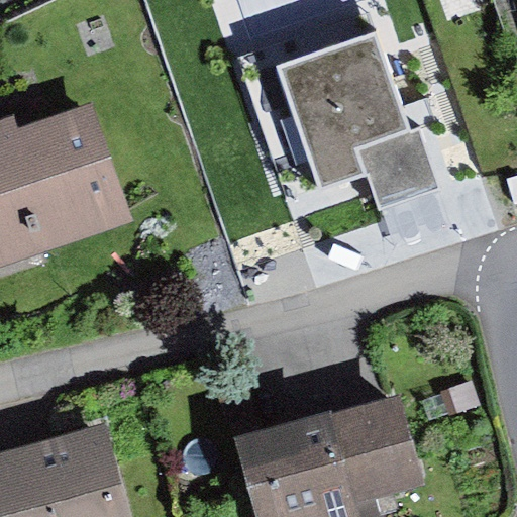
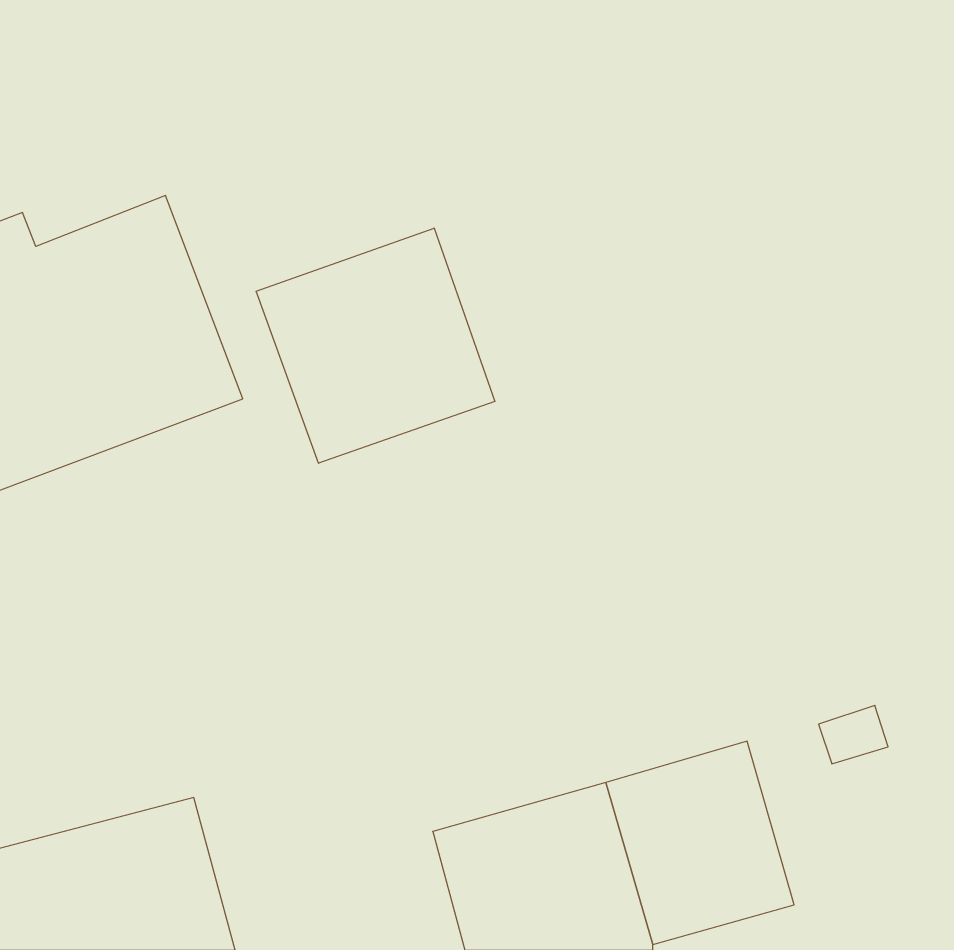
building: [275,35,438,209] -> none
building: none -> [256,228,495,463]

